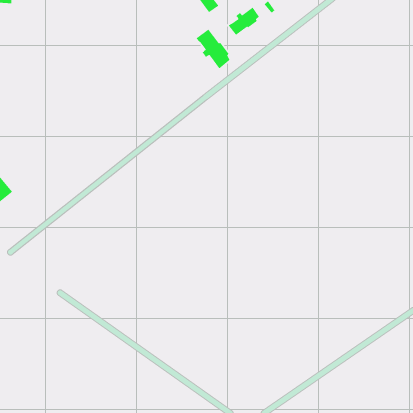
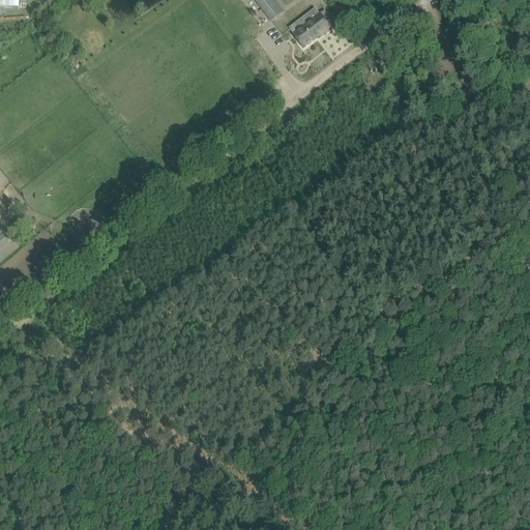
building: [195,29,231,69] -> none

